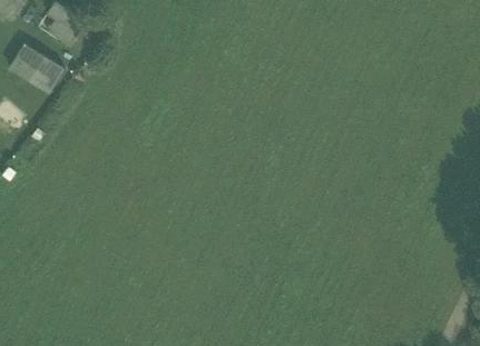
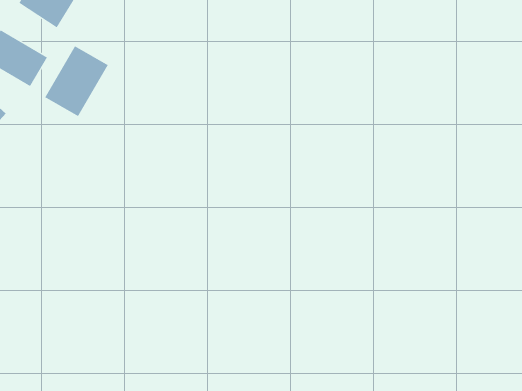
building: none -> [45,45,109,117]

